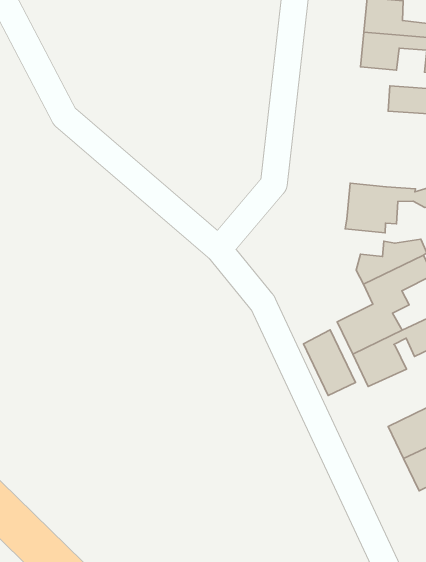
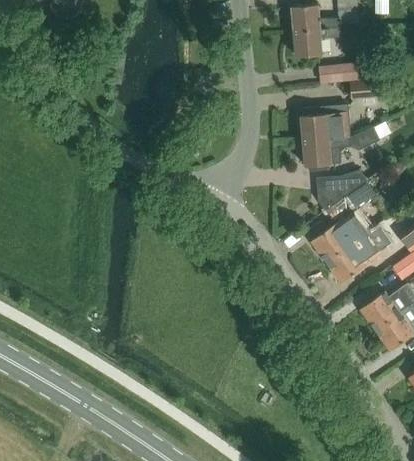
building: none -> [301,105,350,140]
building: [304,330,356,395] -> none

